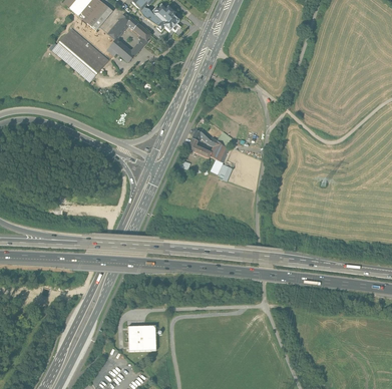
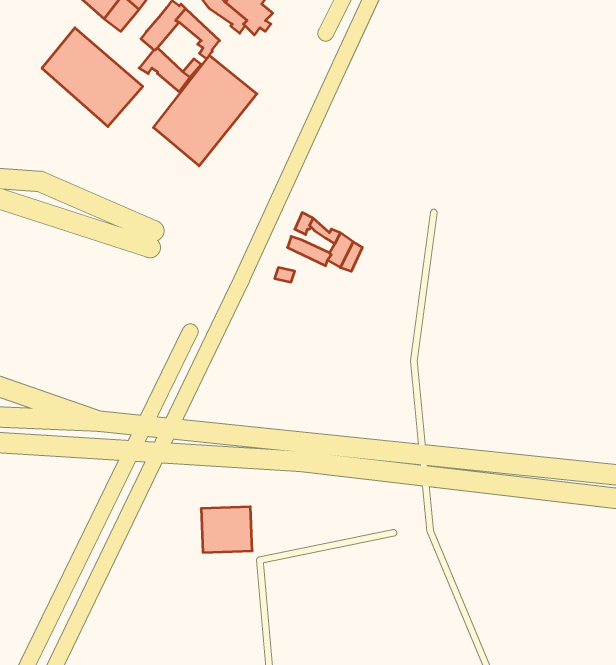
building: none -> [153,56,257,166]
building: [128,325,156,350] -> [201,507,252,552]

